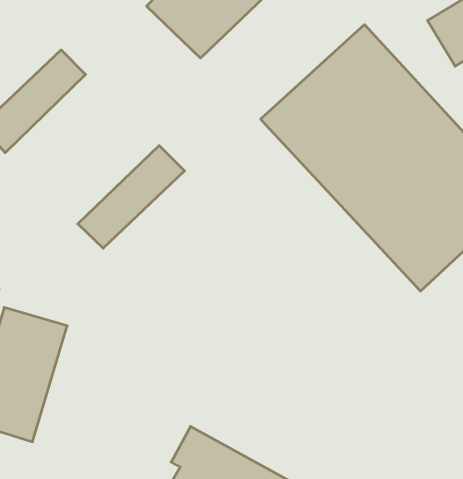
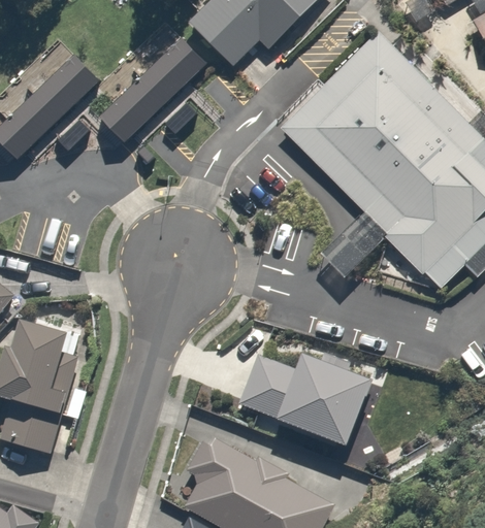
building: [78,146,185,248] -> [102,38,211,142]
building: none -> [235,342,371,440]

